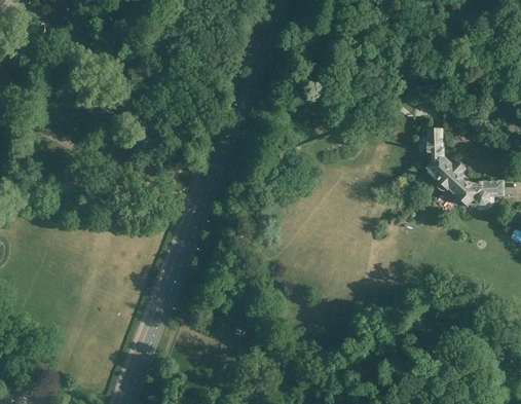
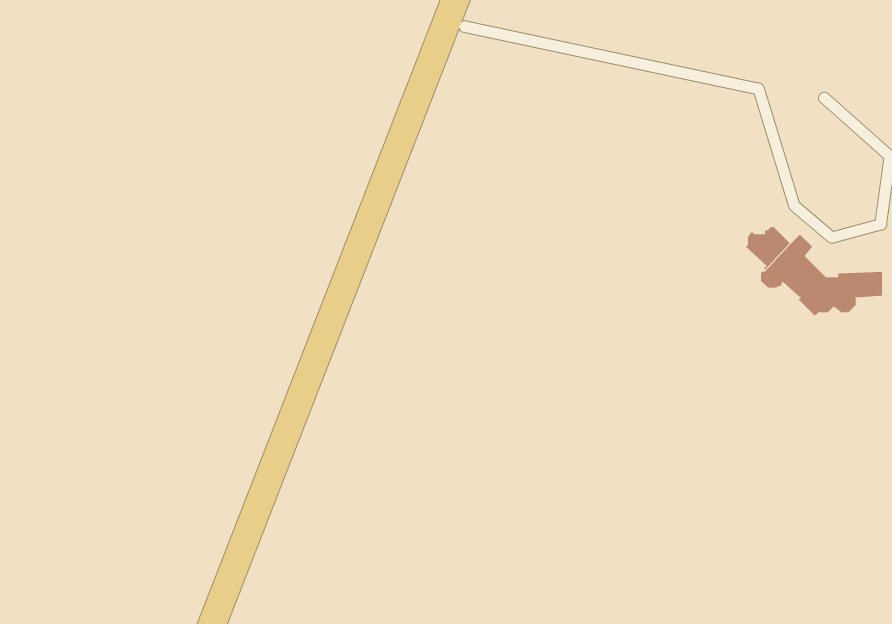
building: [423,127,440,159] -> none

